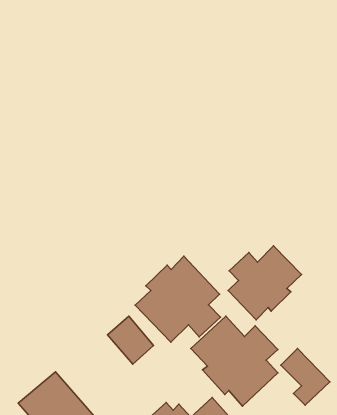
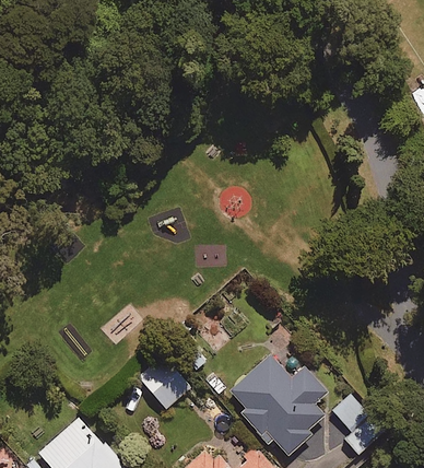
building: [228,246,301,320] -> none
building: [135,256,220,342] -> none

